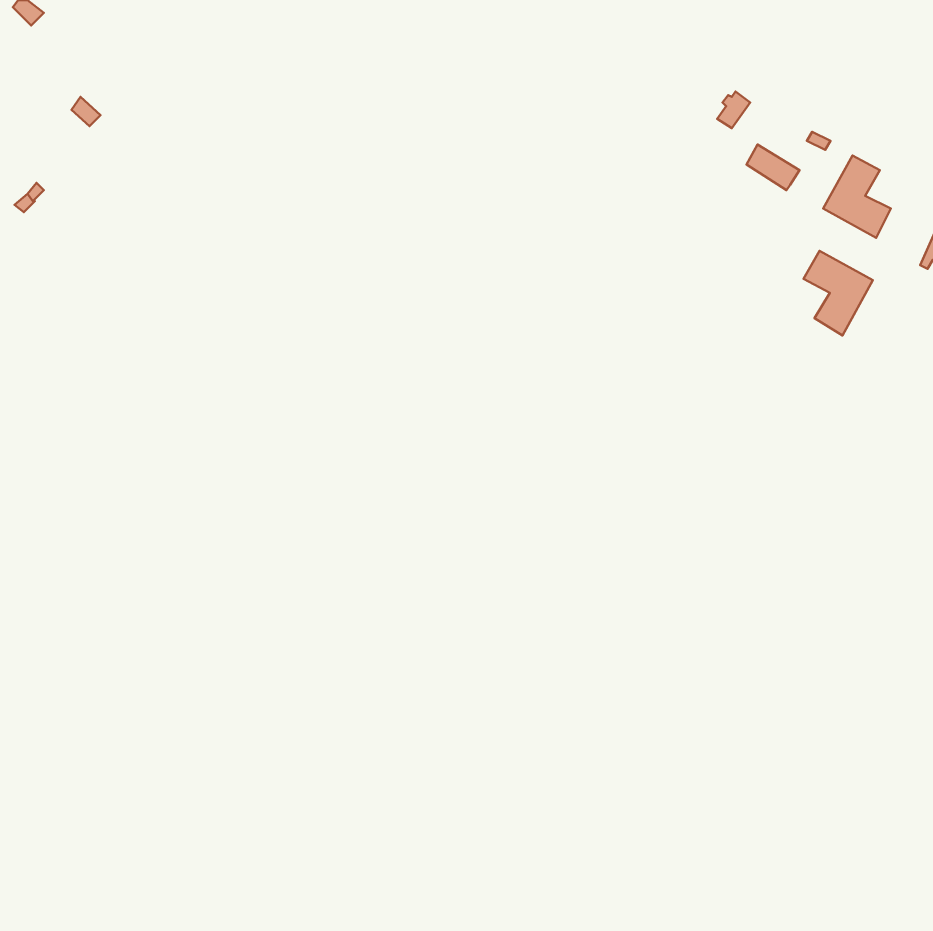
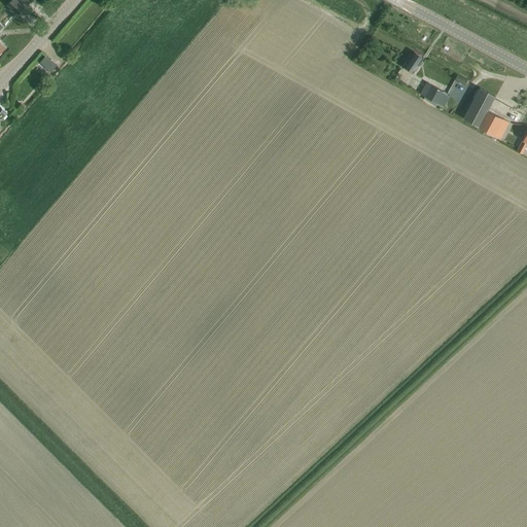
building: [804,251,873,335] -> none

